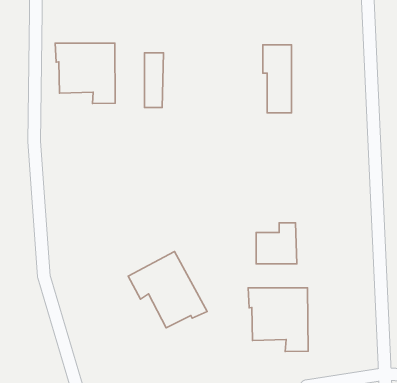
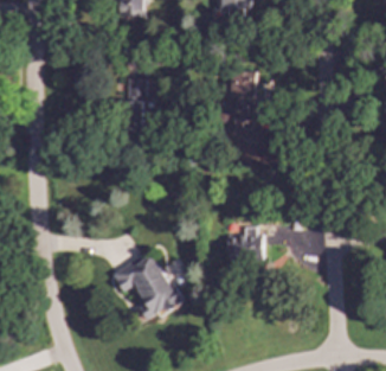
building: [55,43,115,103] -> none
building: [248,288,308,351] -> none

